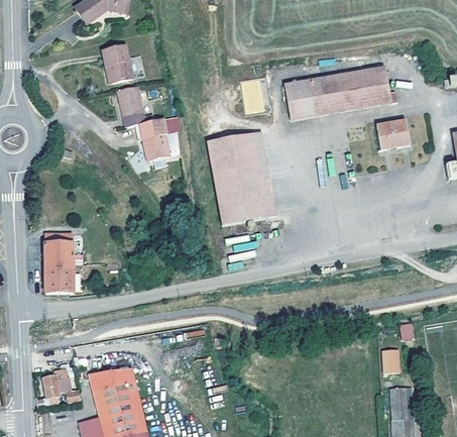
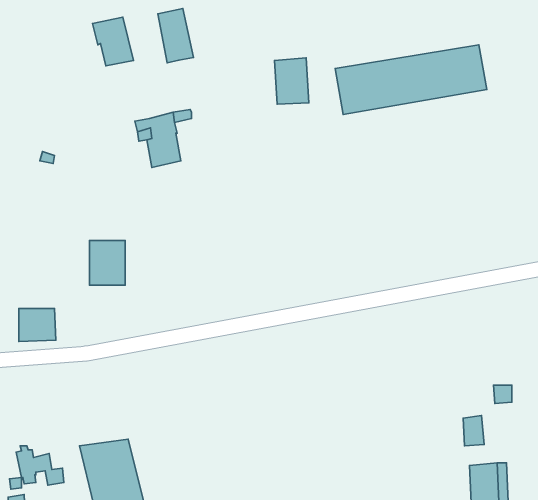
building: [117,85,144,126] -> [158,9,193,63]
building: [378,120,413,147] -> none
building: [211,133,269,225] -> none
building: [44,233,72,267] -> [90,240,125,285]

